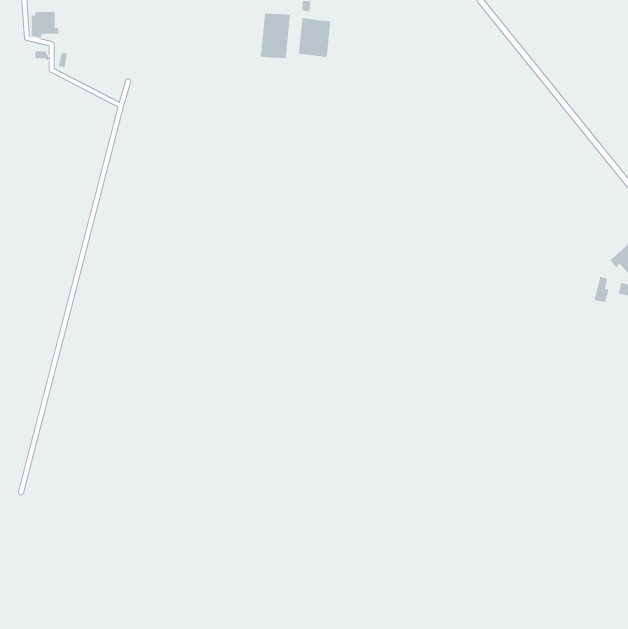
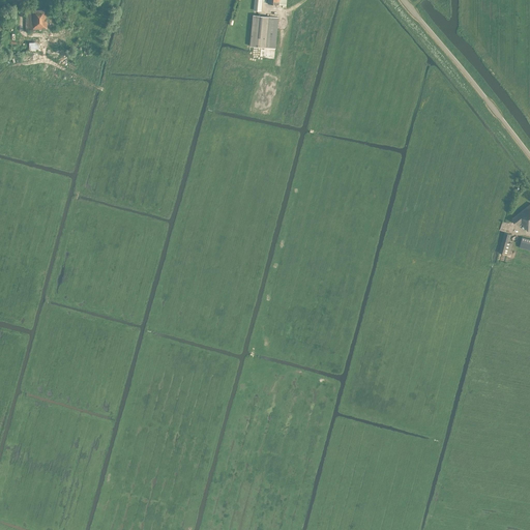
building: [260,12,291,59] -> none

